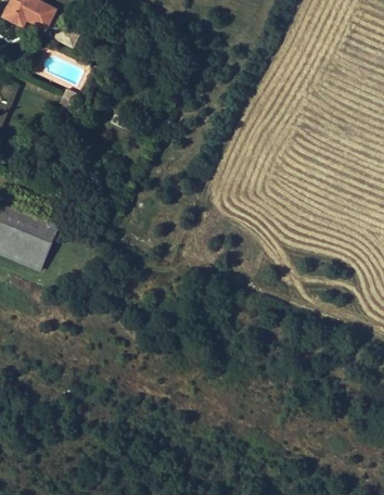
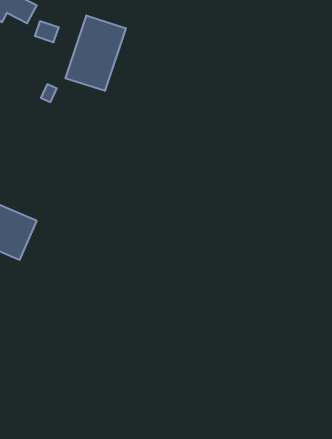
building: none -> [65,15,126,91]

